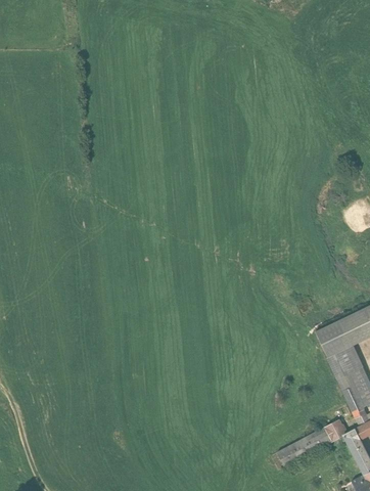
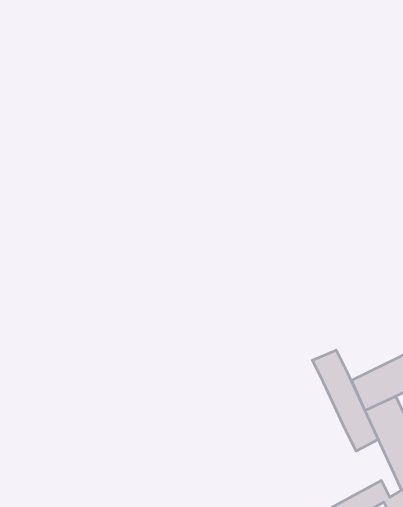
building: none -> [312,350,378,451]

